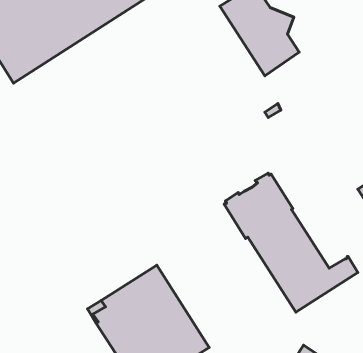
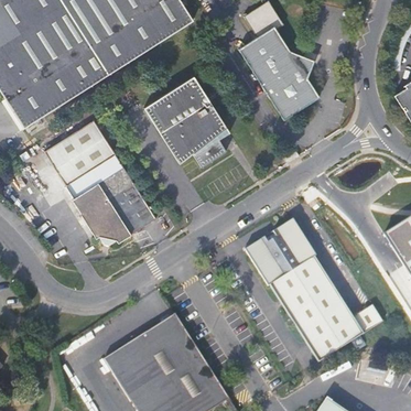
building: none -> [144,75,231,165]
building: none -> [46,118,117,184]
building: none -> [74,166,159,245]

